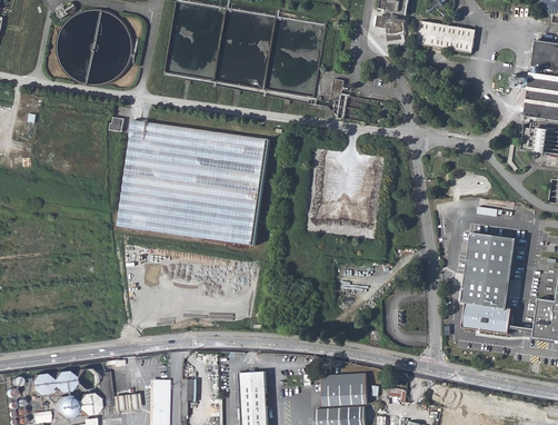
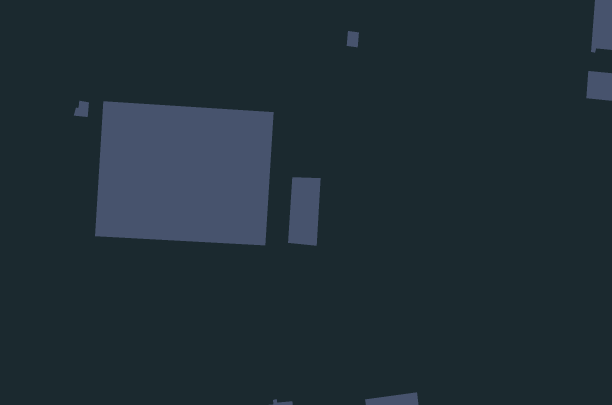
building: none -> [288,176,321,246]
building: [462,231,515,334] -> none

